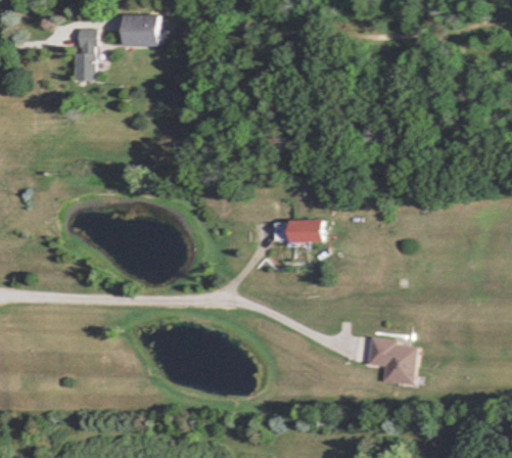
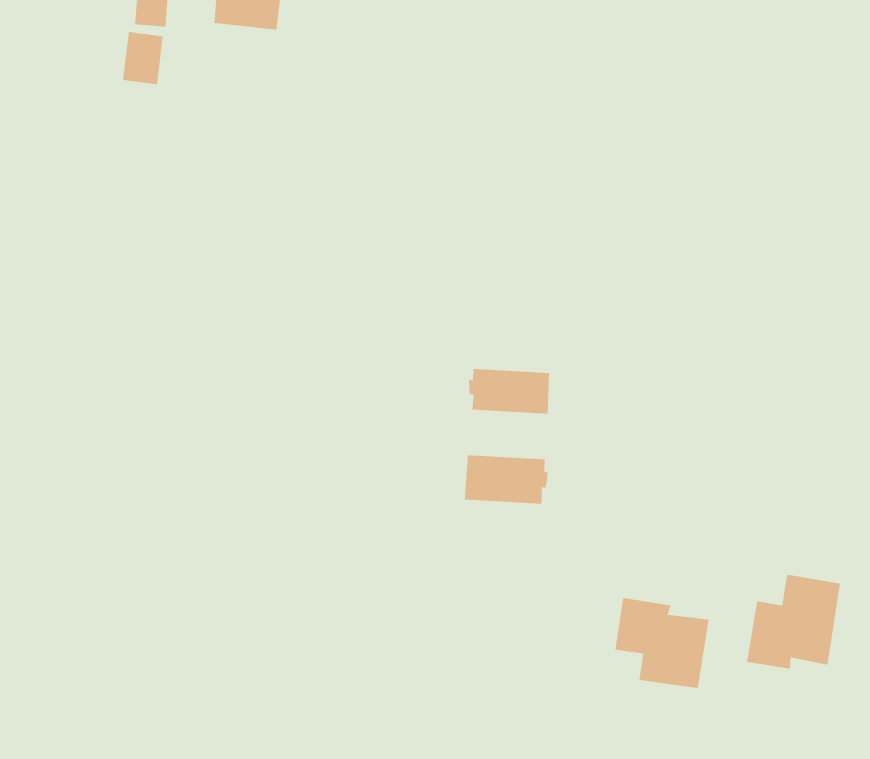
building: none -> [464,455,549,505]
building: none -> [747,574,840,669]

